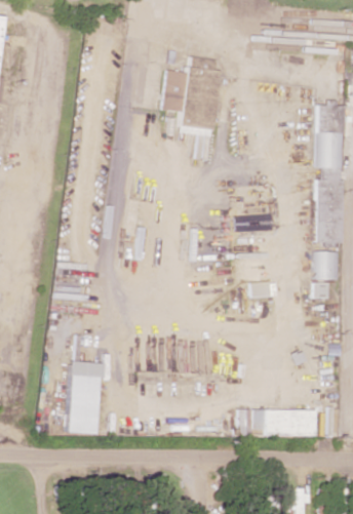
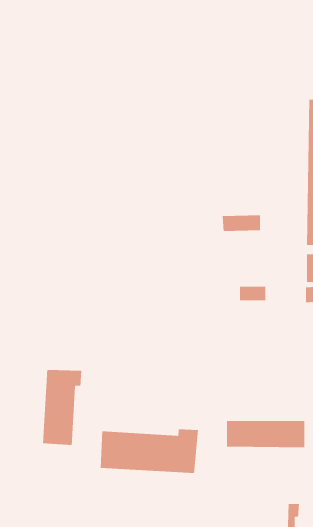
building: [163,66,219,135] -> none
building: none -> [100,428,199,474]

